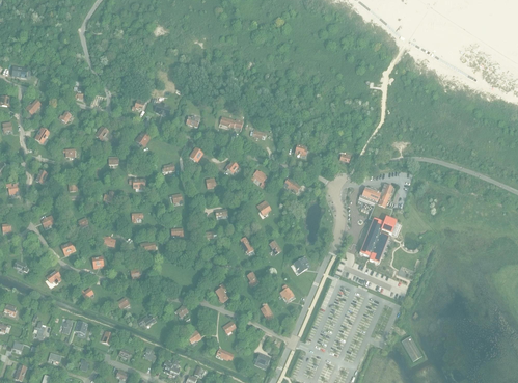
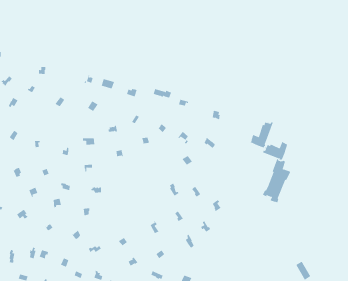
building: none -> [250,121,273,148]

